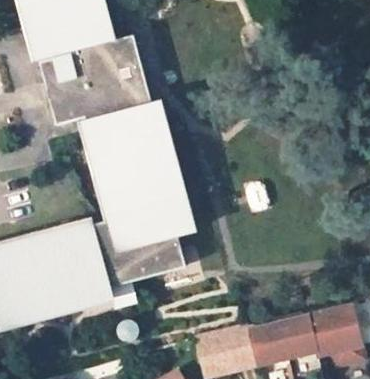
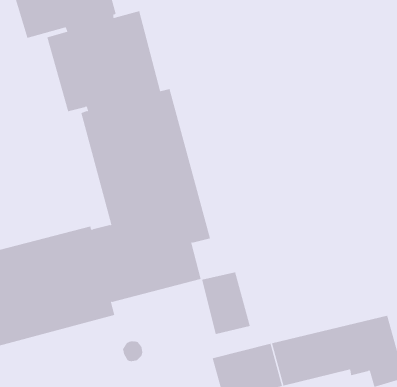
building: none -> [201,271,251,335]

